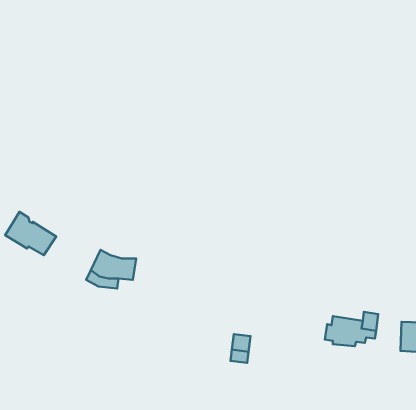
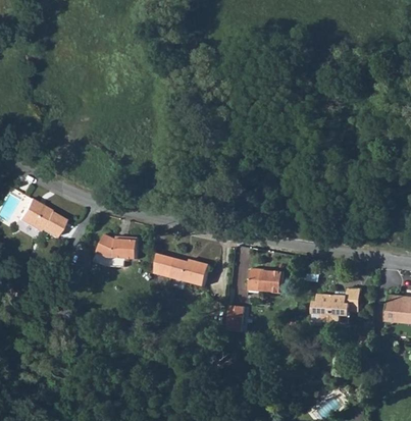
building: none -> [150,255,209,285]
building: none -> [250,269,286,297]

